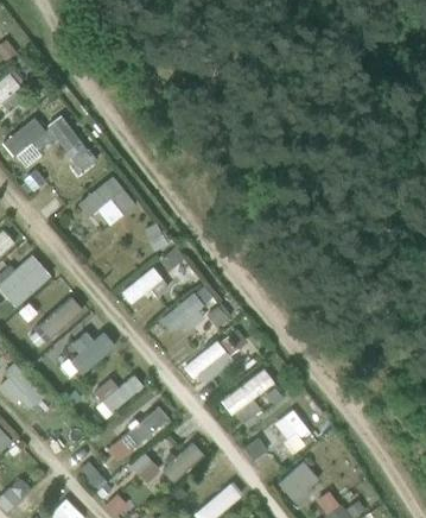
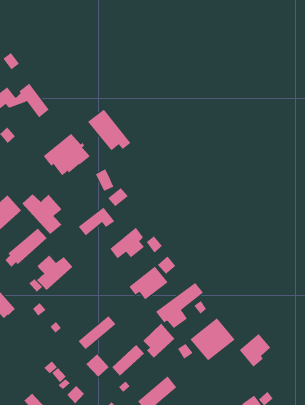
building: none -> [87,109,131,151]
building: none -> [22,193,62,235]
building: [94,374,144,419] -> none
building: none -> [143,323,175,359]
building: [275,461,316,504] -> [239,333,271,367]

